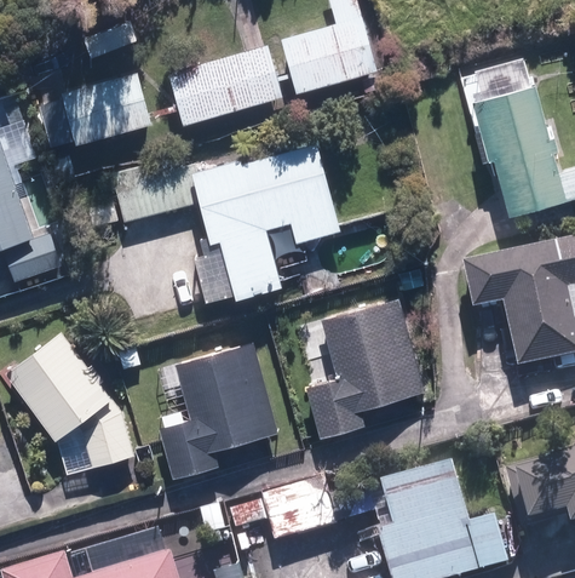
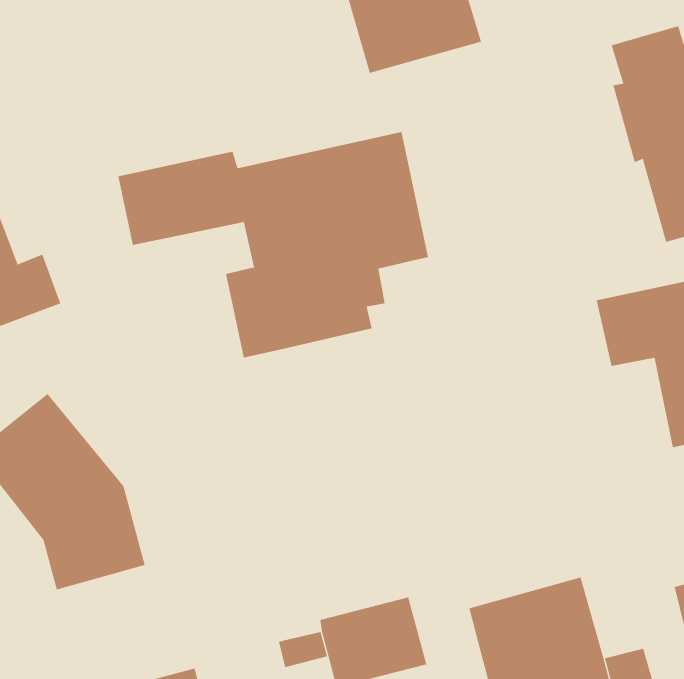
building: [169,47,281,122] -> none
building: [40,78,153,153] -> none
building: [304,301,422,439] -> none
building: [155,343,277,475] -> none

